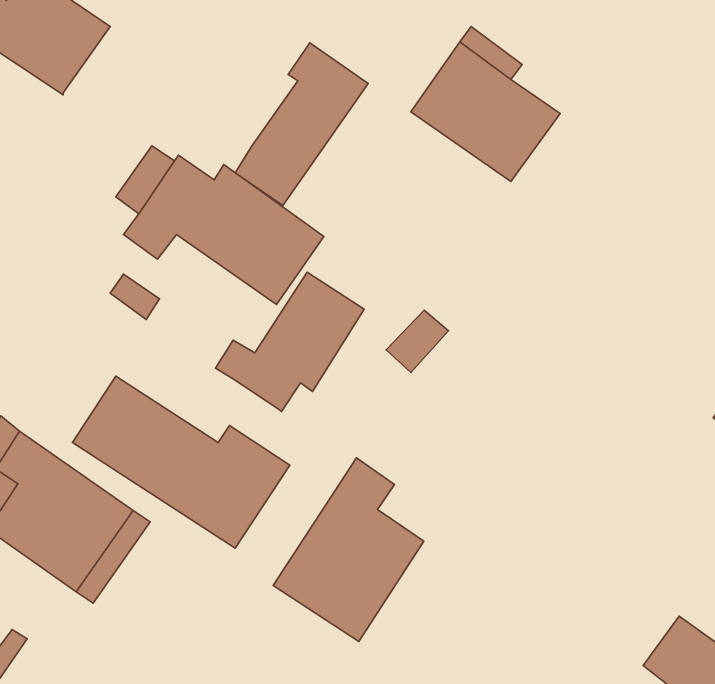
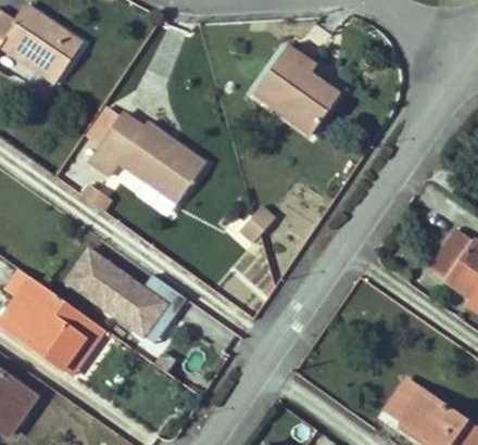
building: [235,43,368,205] -> none
building: [216,272,364,411] -> none
building: [273,458,424,642] -> none

